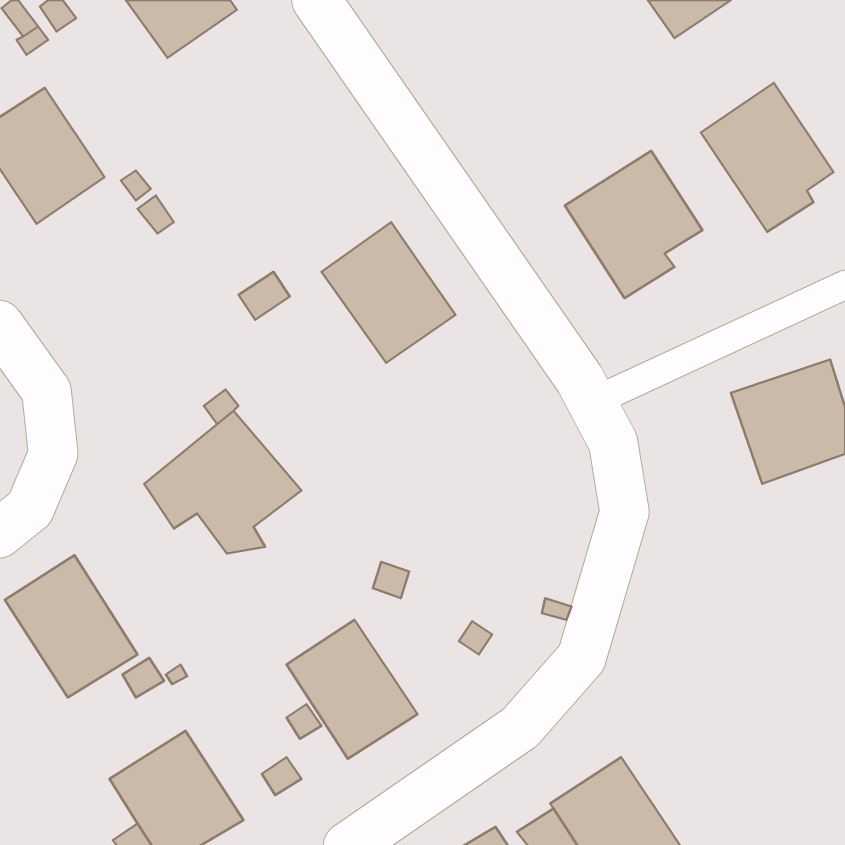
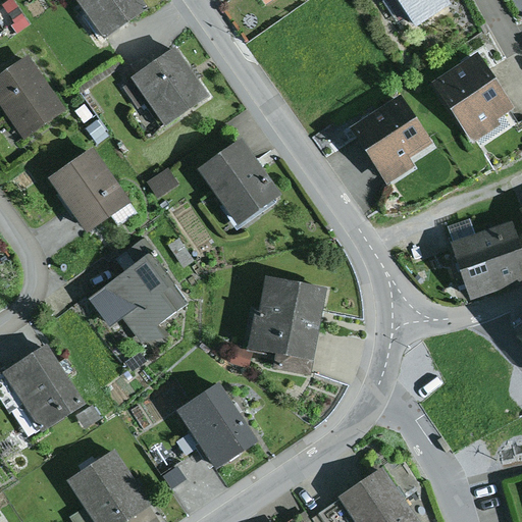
building: none -> [121,47,208,125]
building: none -> [48,148,129,232]
building: none -> [247,275,326,375]

